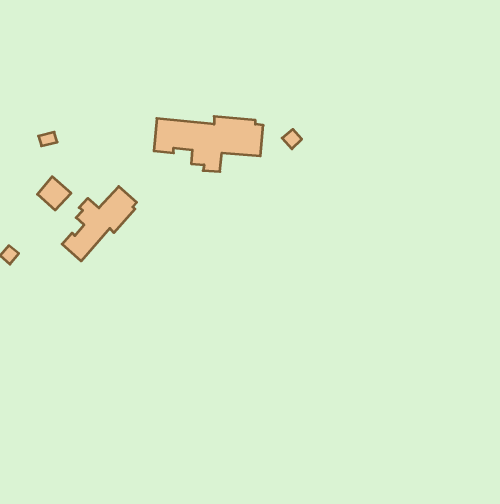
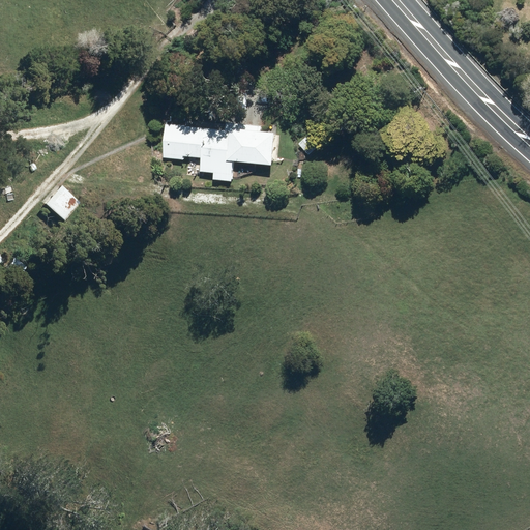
building: [62,186,137,261] -> none

